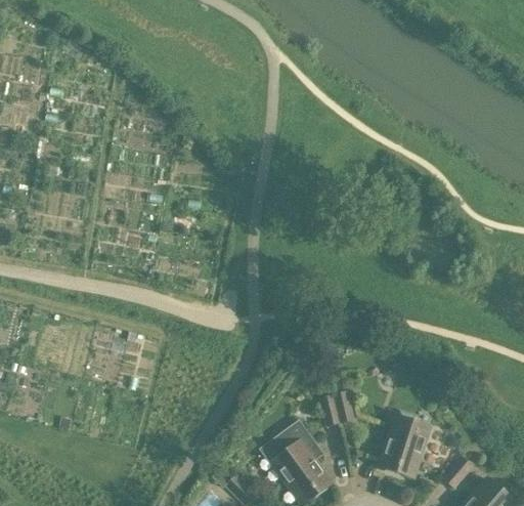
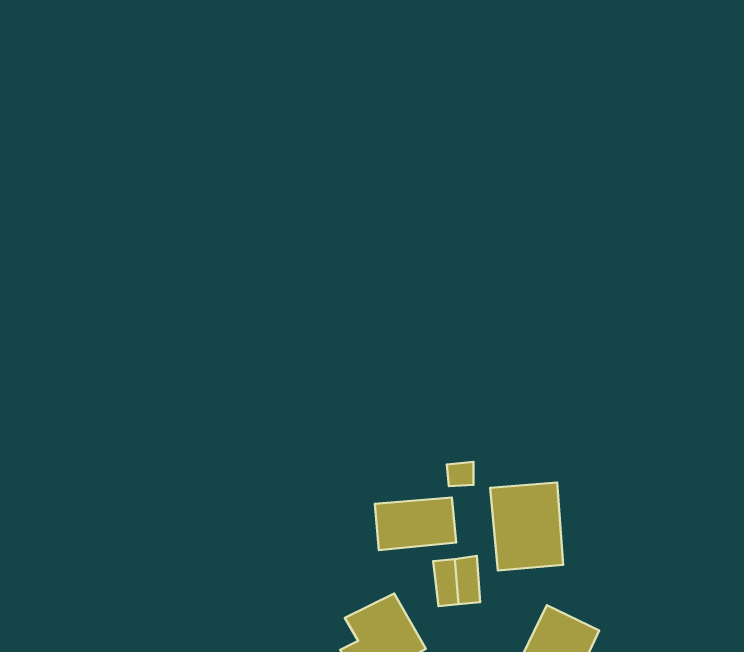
building: none -> [490,483,563,571]
building: none -> [375,498,456,550]

